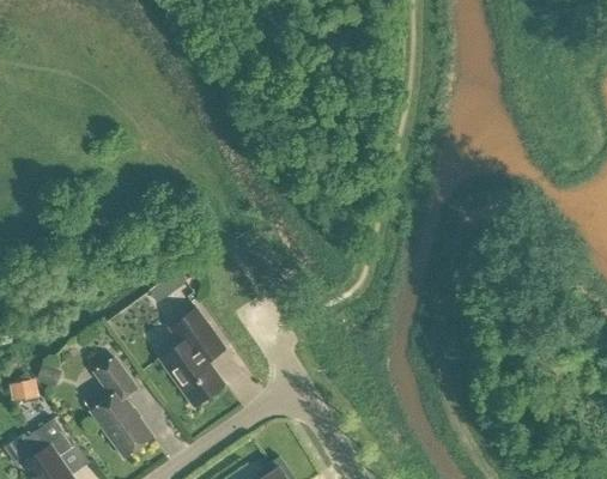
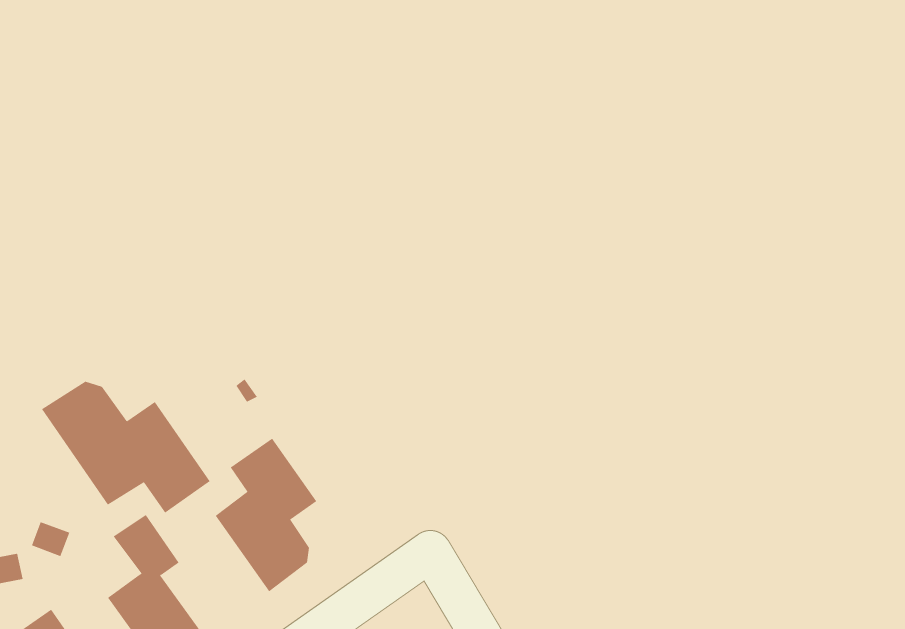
building: none -> [41,381,210,513]

